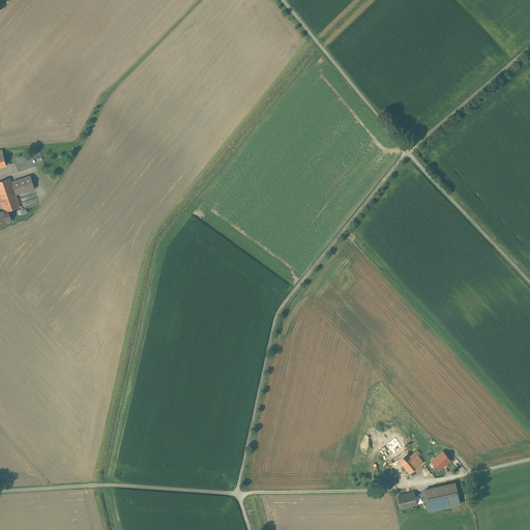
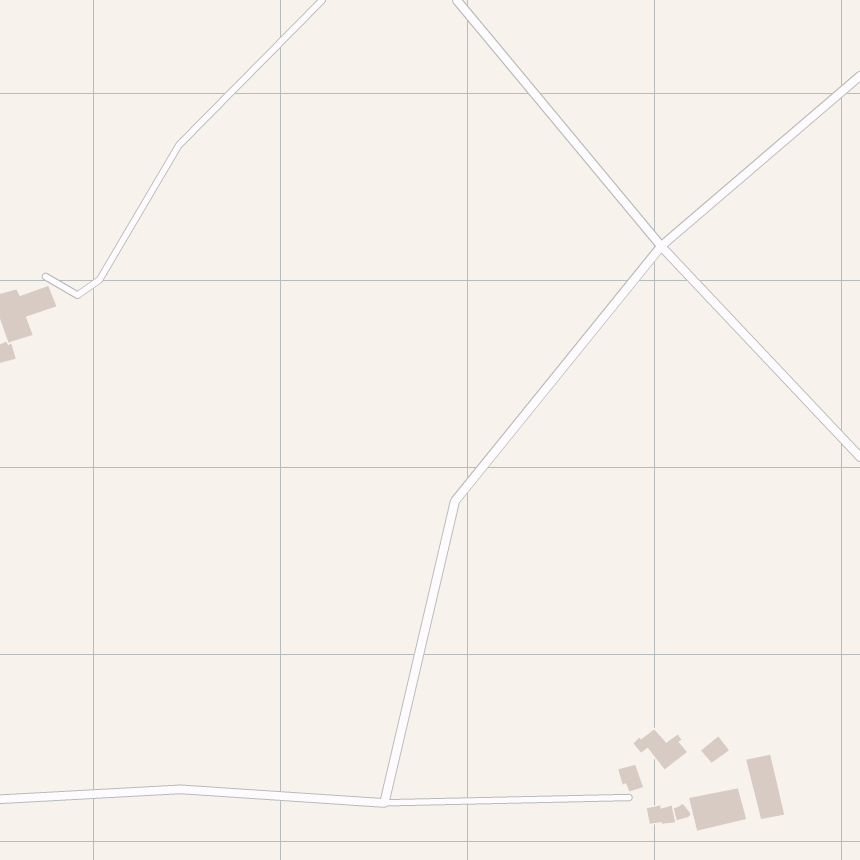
building: none -> [745,754,785,820]

